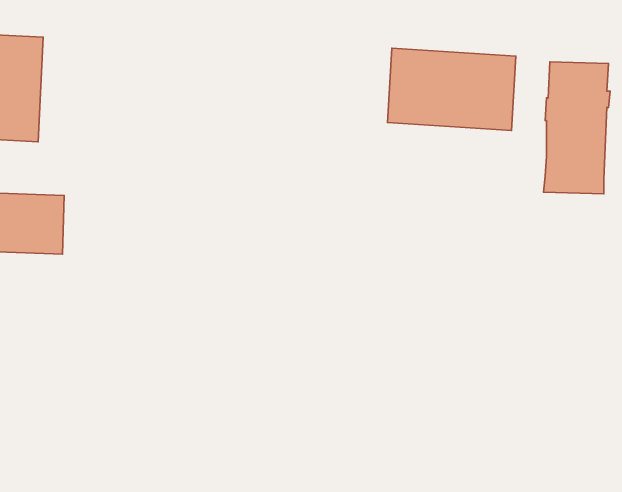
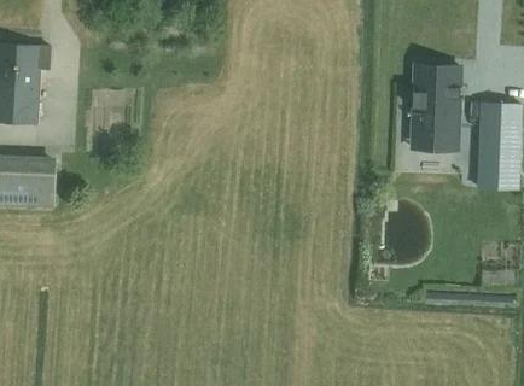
building: [388,48,516,131] -> none

